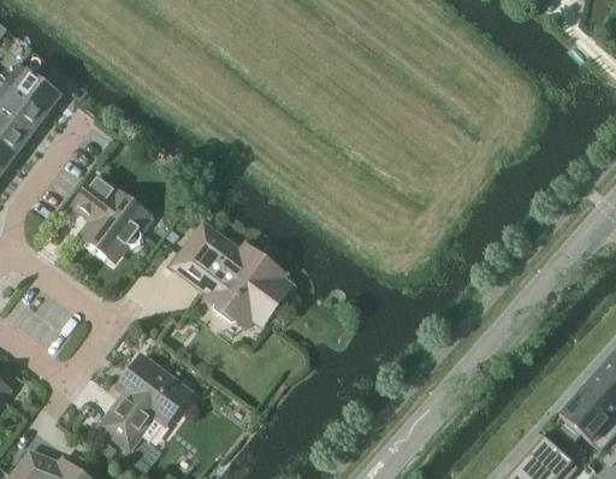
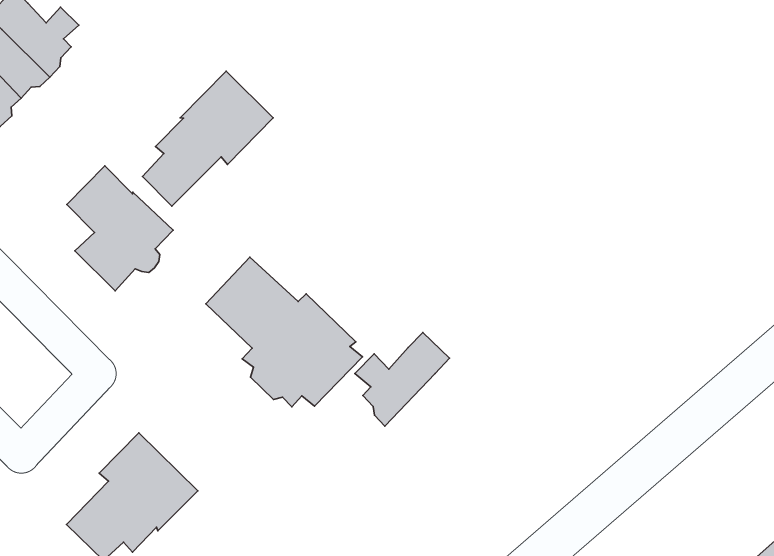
building: none -> [143,71,273,206]
building: none -> [355,332,450,426]

